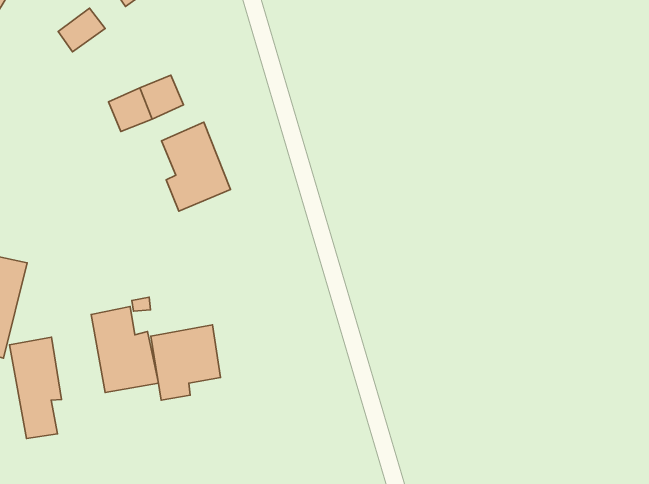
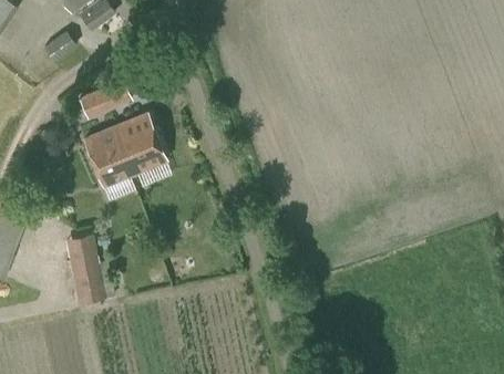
building: none -> [84,126,130,186]
building: [151,325,221,400] -> none
building: [9,337,62,439] -> none

